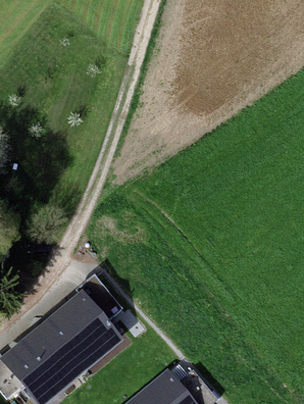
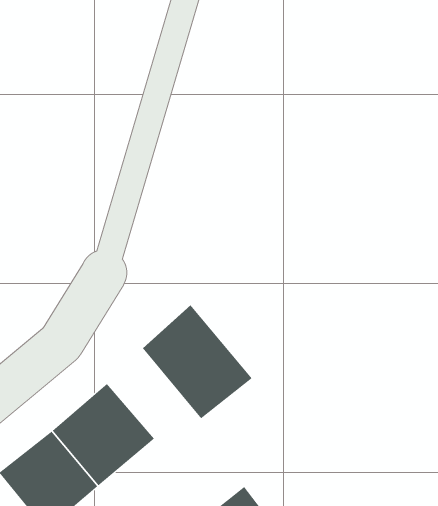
building: none -> [142,305,253,419]

